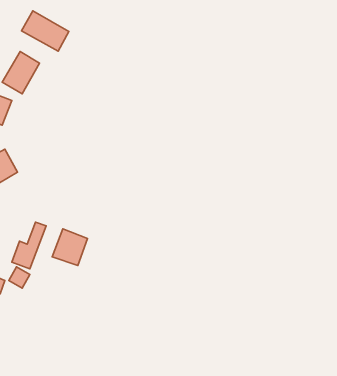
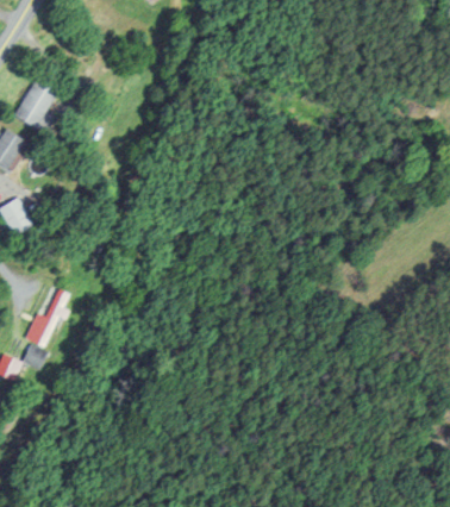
building: [21,11,69,51] -> none
building: [52,229,87,266] -> none

